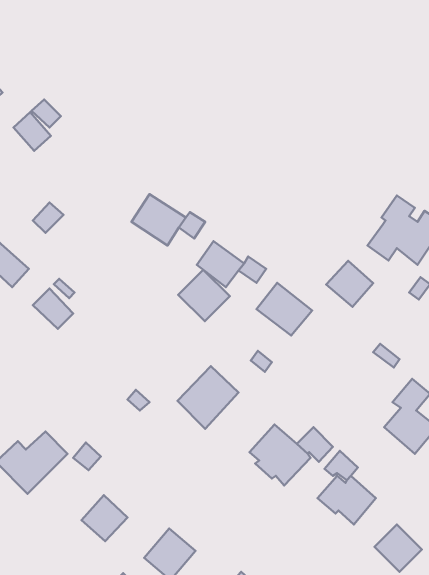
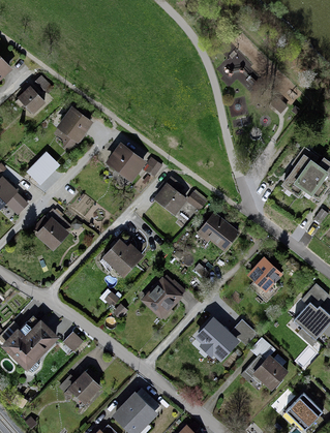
building: none -> [57,105,93,148]
building: [326,261,373,307] -> [247,257,282,291]
building: [178,270,230,321] -> [103,239,142,277]

